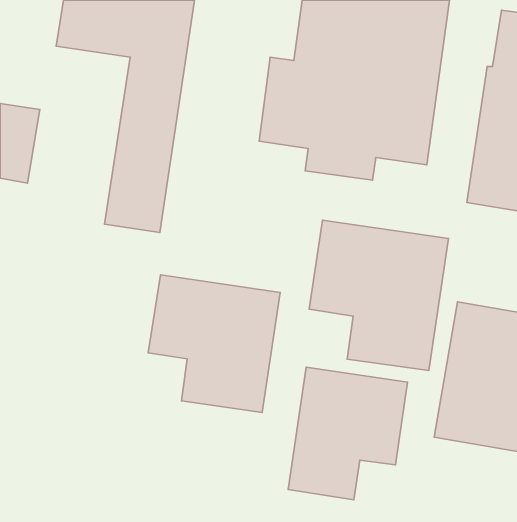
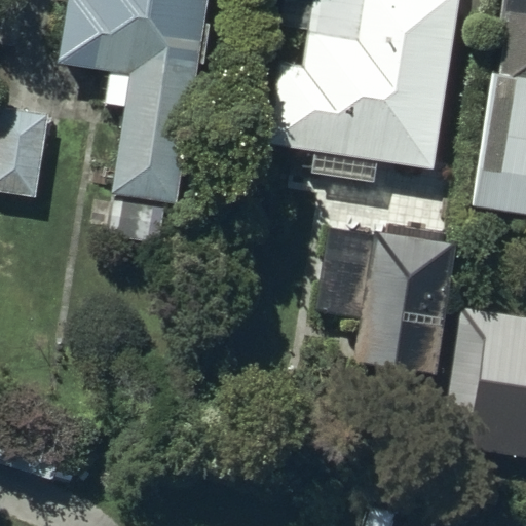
building: [148,275,280,413] -> none
building: [288,367,407,500] -> none

